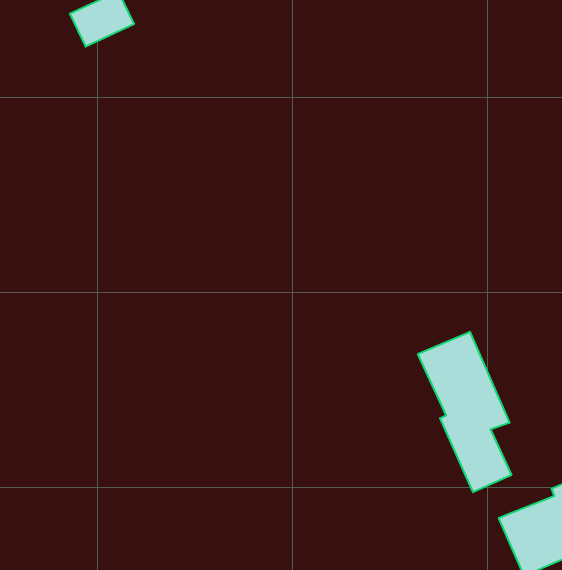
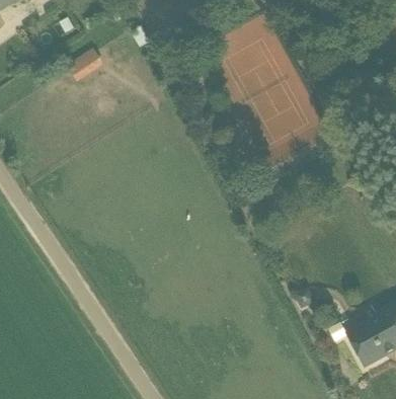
building: [418,332,511,492] -> none

